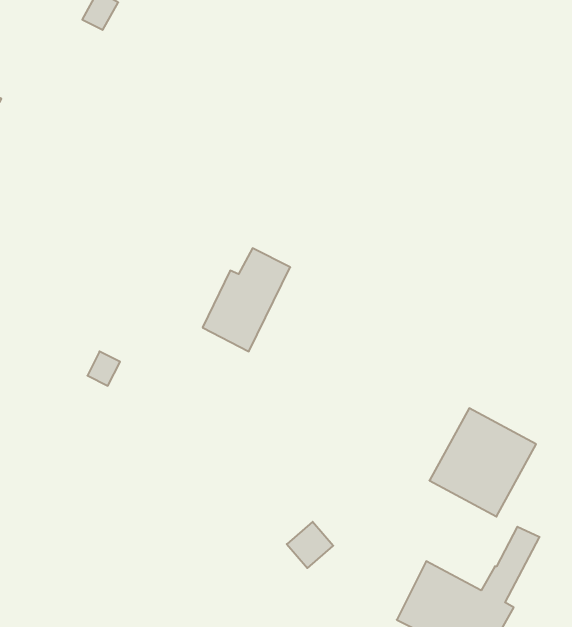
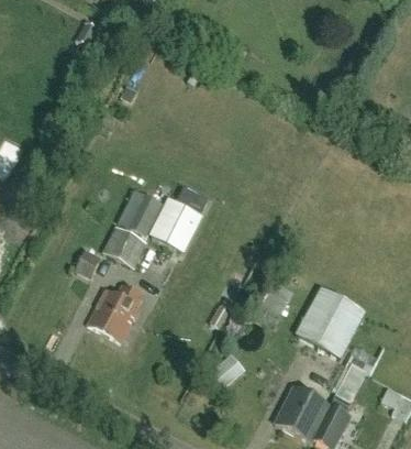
building: none -> [119,186,165,236]
building: none -> [104,227,145,264]
building: none -> [88,285,142,341]

